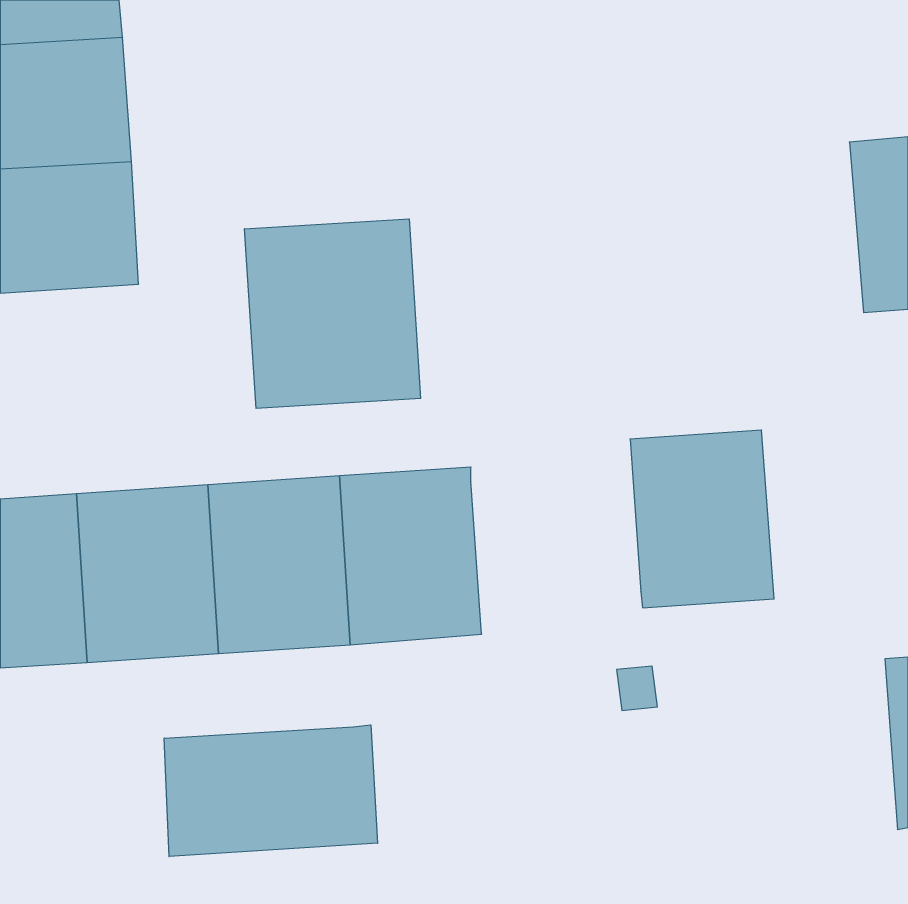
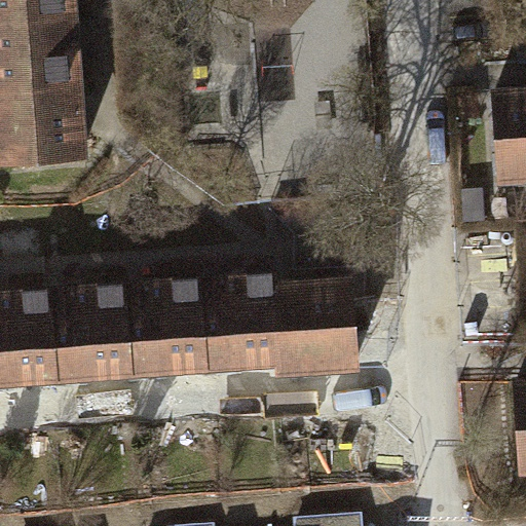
building: [245,219,421,408] -> none
building: [630,430,774,608] -> [272,275,355,378]
building: [164,725,378,857] -> none

